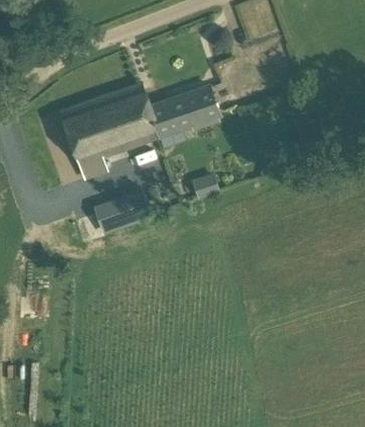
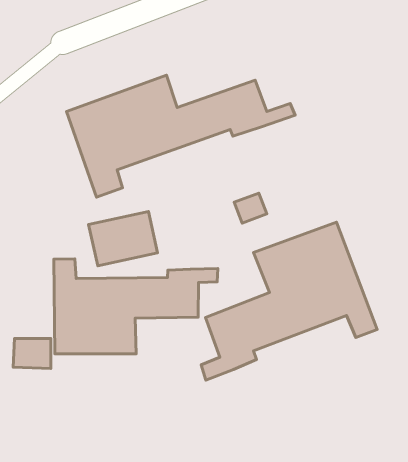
building: none -> [201,222,377,380]
building: none -> [54,259,218,354]

